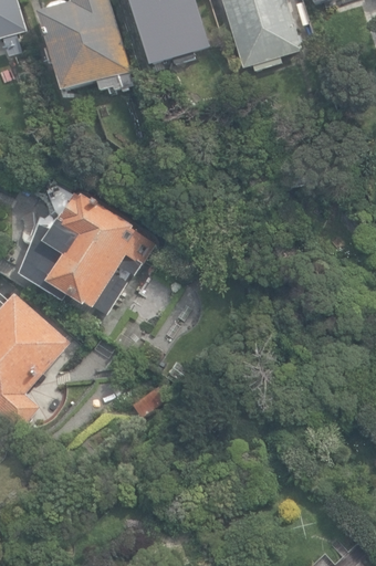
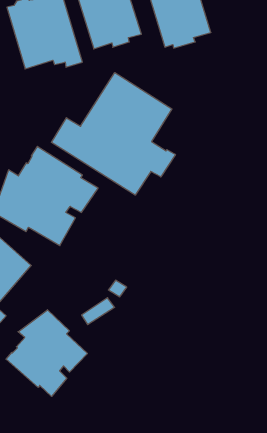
building: none -> [51,73,175,195]
building: none -> [6,310,87,396]

